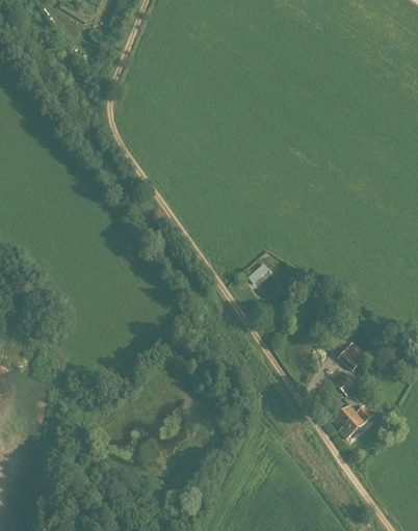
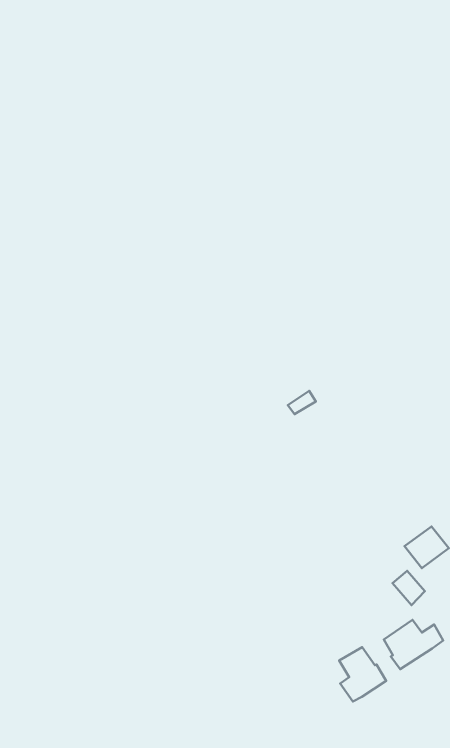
building: none -> [339,647,386,701]

